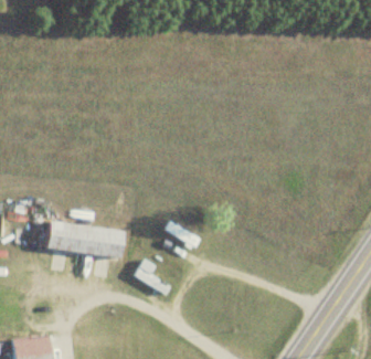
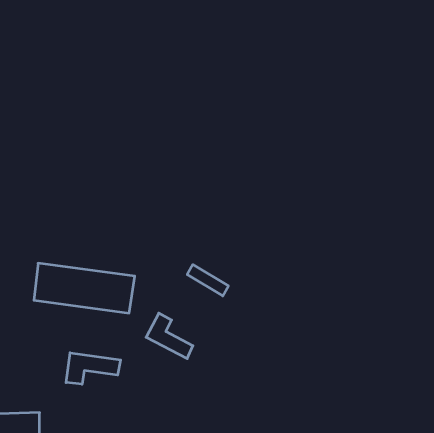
building: none -> [66,353,121,384]

